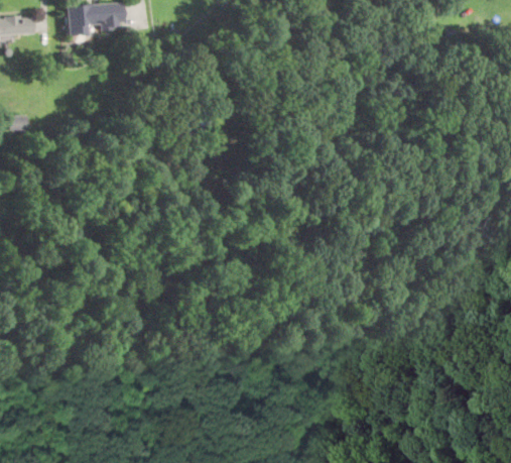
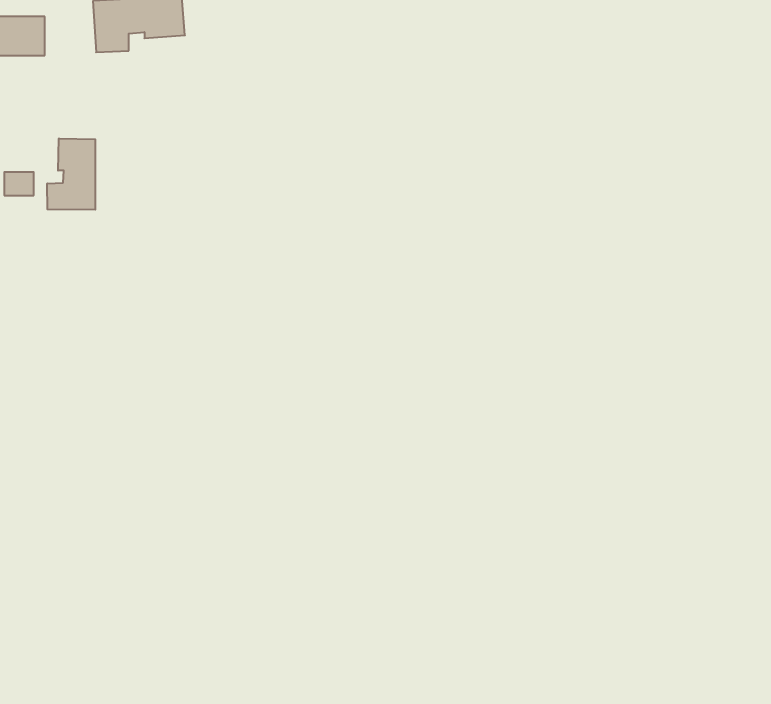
building: none -> [47,138,95,210]

